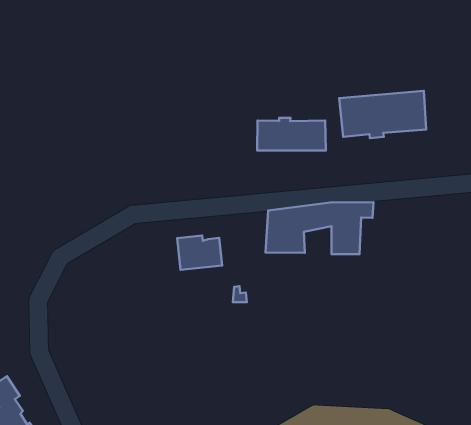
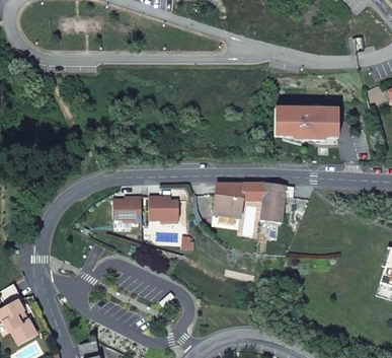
building: [257,118,326,151] -> none
building: none -> [112,197,141,222]

